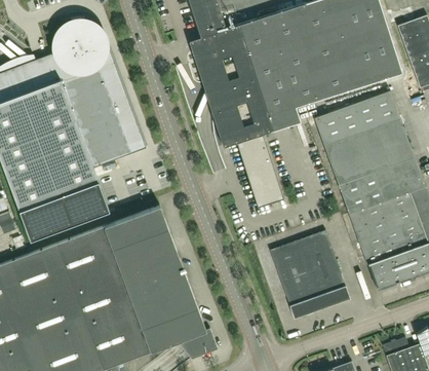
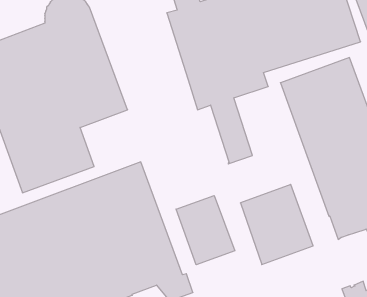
building: none -> [176,196,235,265]

